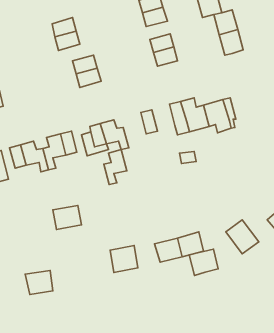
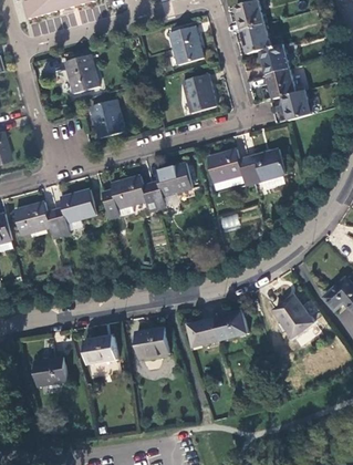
building: none -> [282,90,312,121]
building: [104,150,127,185] -> [152,167,179,209]
building: [53,205,81,229] -> [84,335,118,364]
building: [189,249,218,275] -> none

